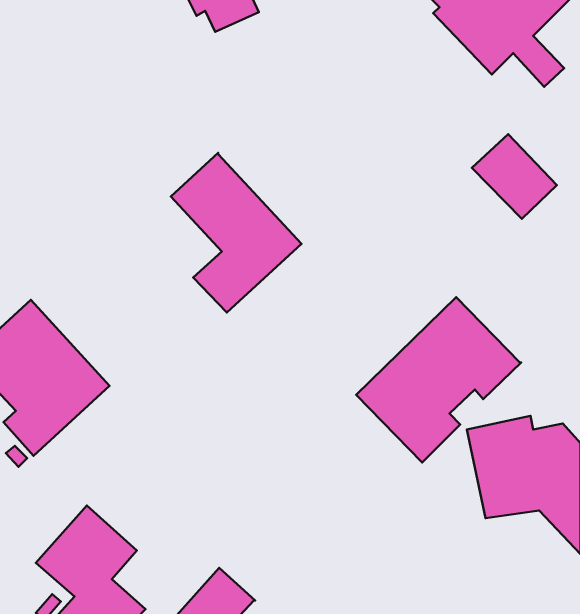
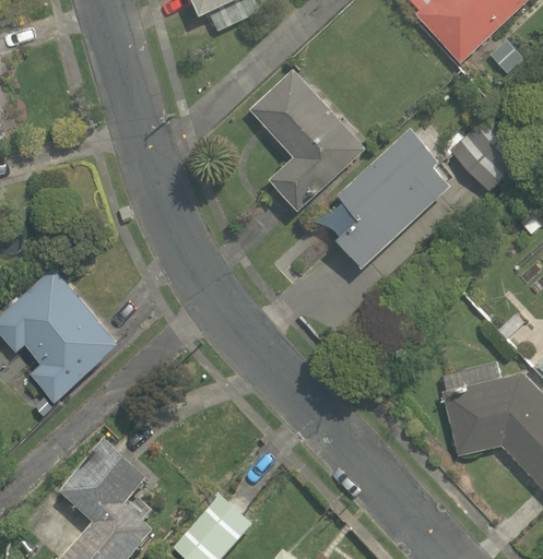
building: [171,153,302,313] -> [250,69,365,209]
building: none -> [297,140,457,270]
building: [356,297,521,463] -> none

